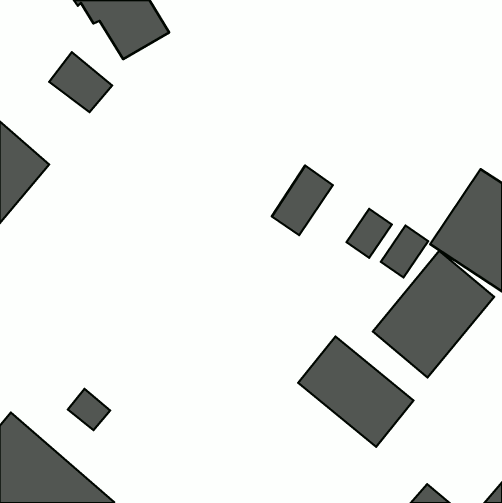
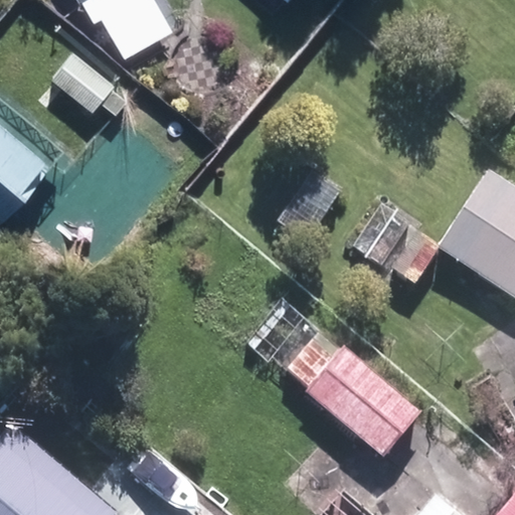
building: [373,251,494,377] -> none

